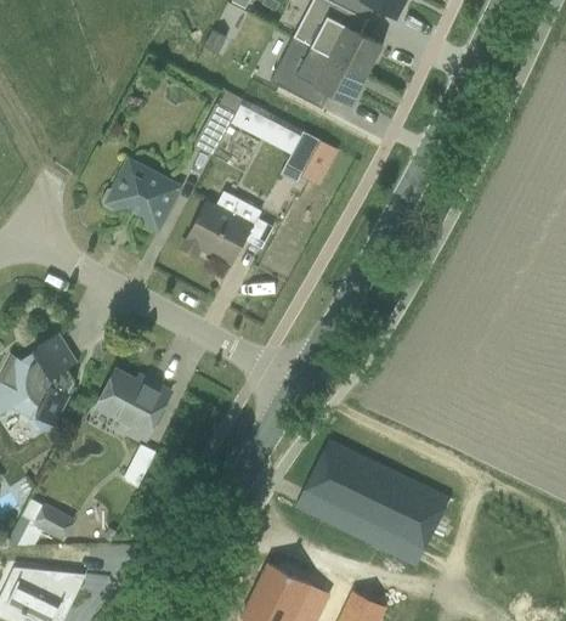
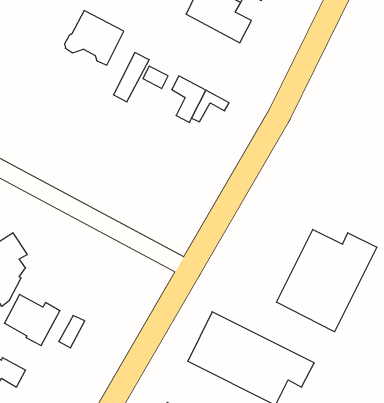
building: [268,36,366,108] -> none
building: [101,156,181,230] -> [65,11,124,65]
building: [180,192,260,265] -> none
building: none -> [276,229,377,332]
building: [95,369,170,439] -> [4,295,60,346]

